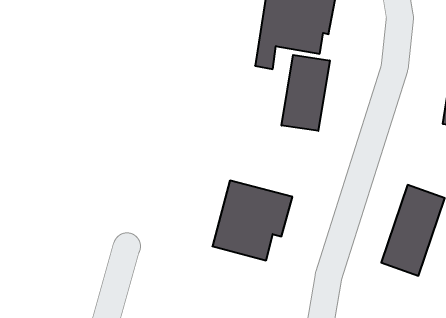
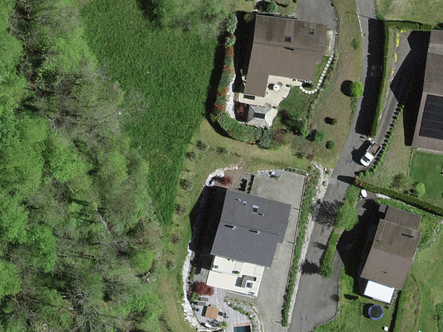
building: [282,55,330,131] -> none

